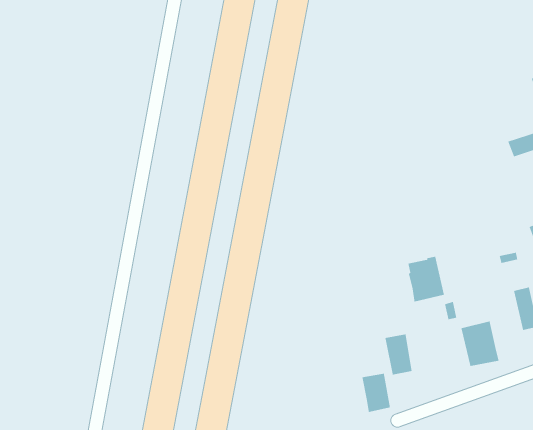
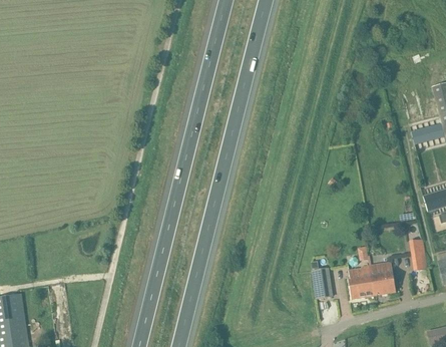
building: [407,256,445,302] -> [349,266,375,299]
building: [362,373,391,413] -> none

